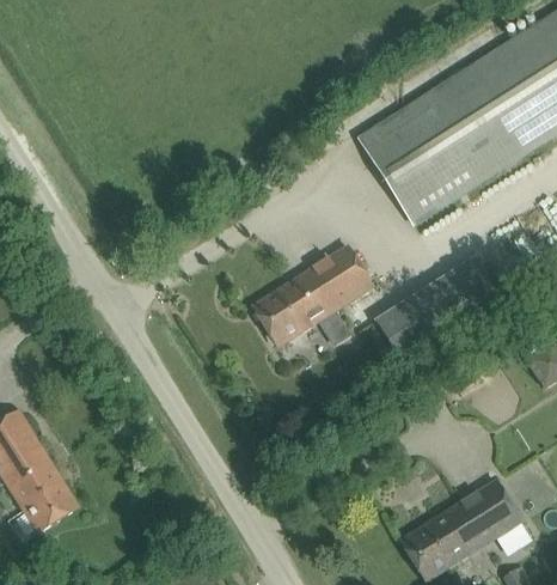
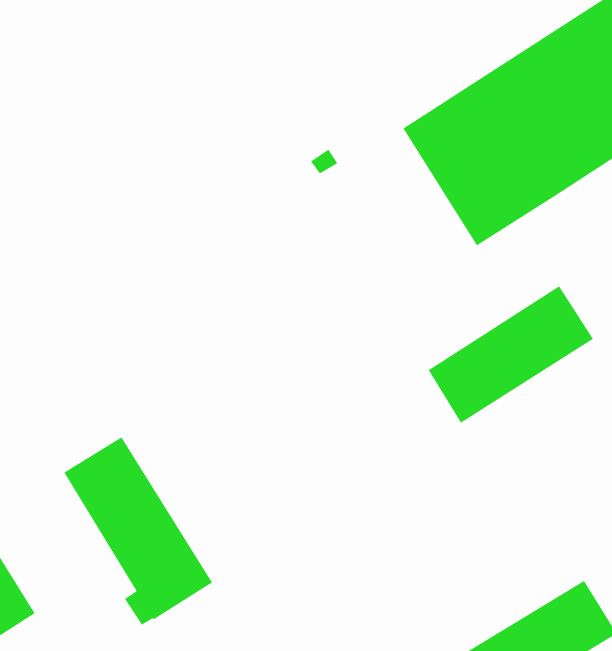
building: [252,245,373,347] -> none
building: none -> [63,437,213,625]

